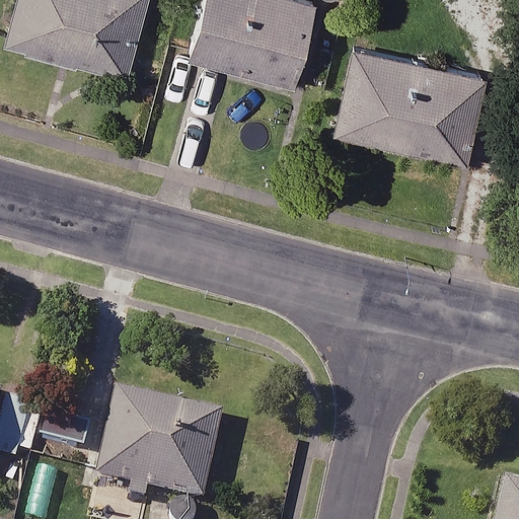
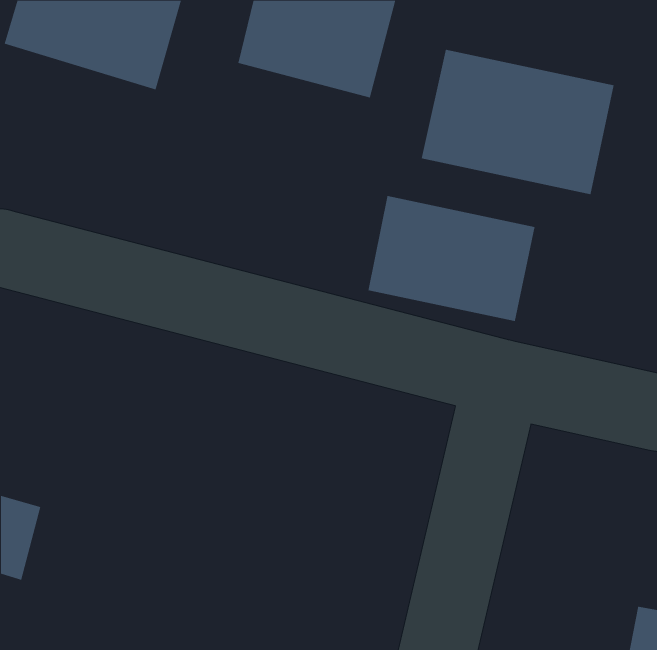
building: none -> [368,195,535,322]
building: [98,394,222,504] -> none

